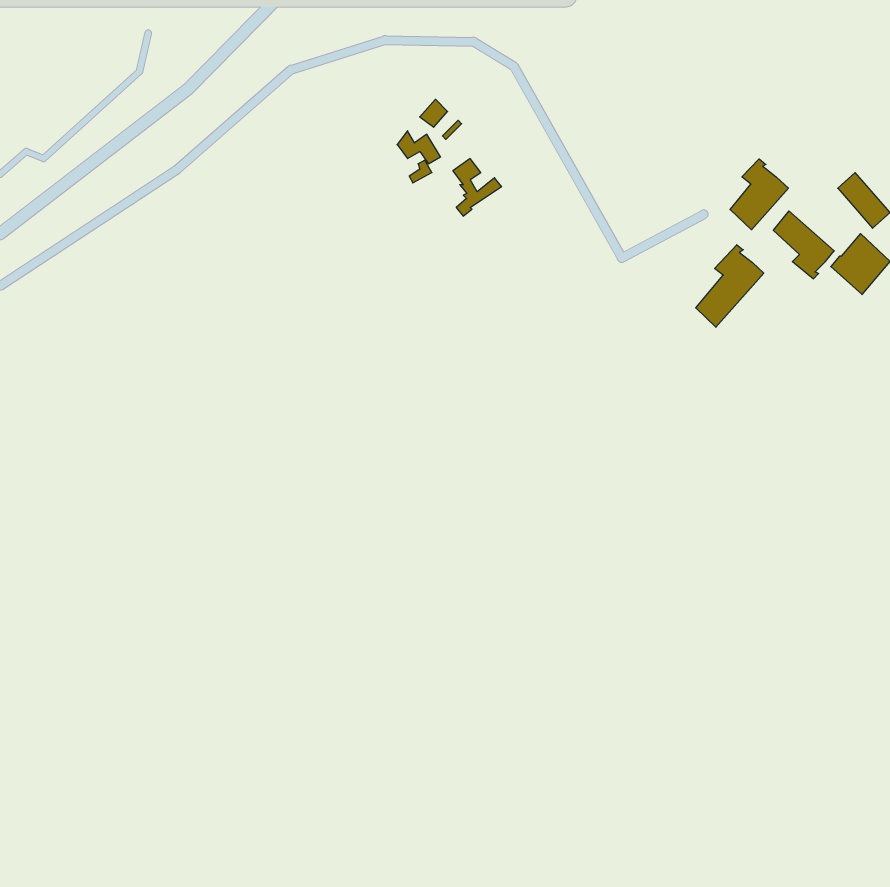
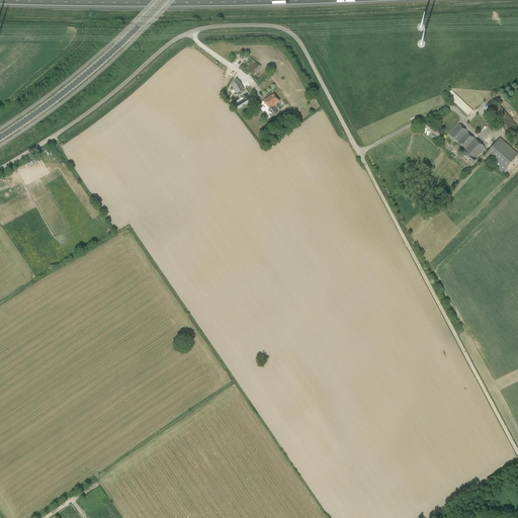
building: [730,159,788,230] -> none
building: [696,245,764,327] -> none

